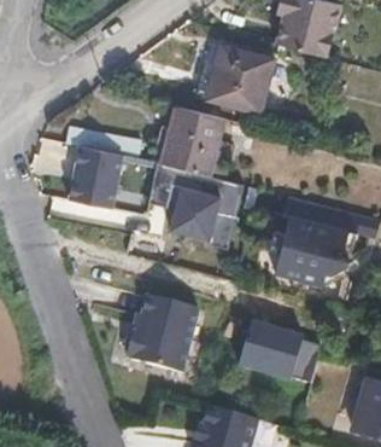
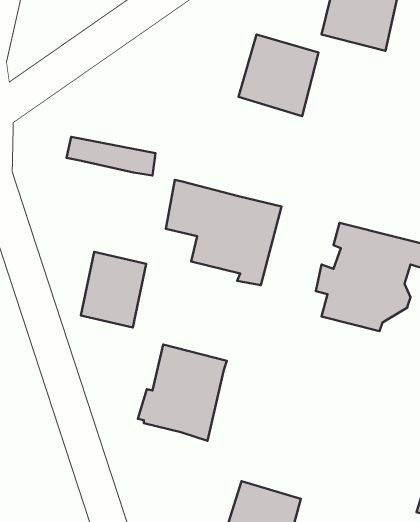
building: [162,105,223,175] -> none
building: [69,146,122,208] -> [81,252,146,328]
building: [236,320,305,382] -> none

